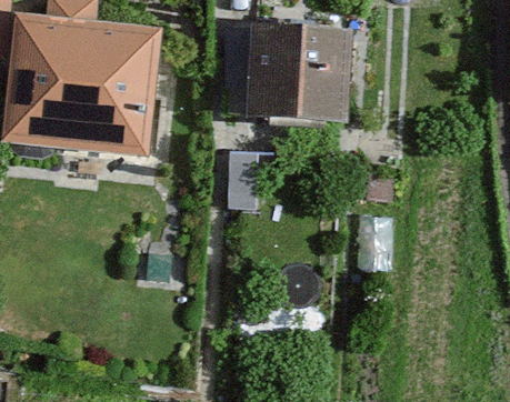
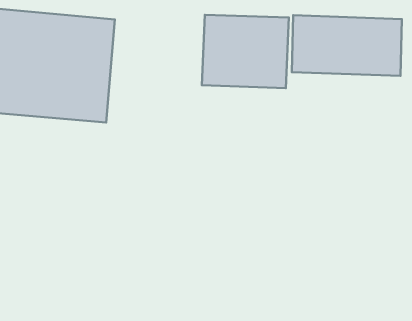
building: none -> [292,15,402,76]

